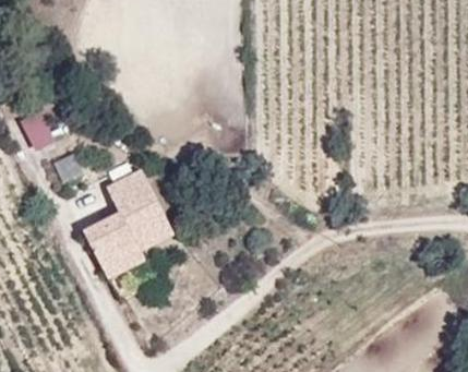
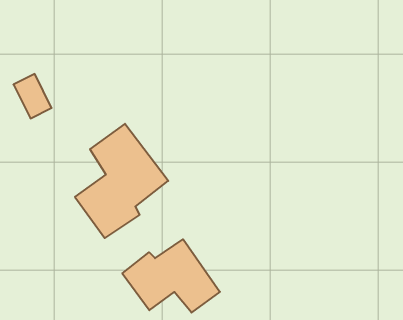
building: none -> [122,239,220,313]

